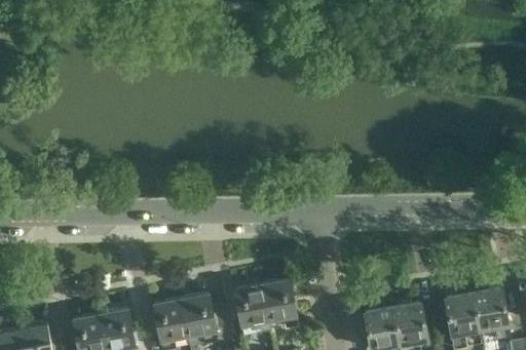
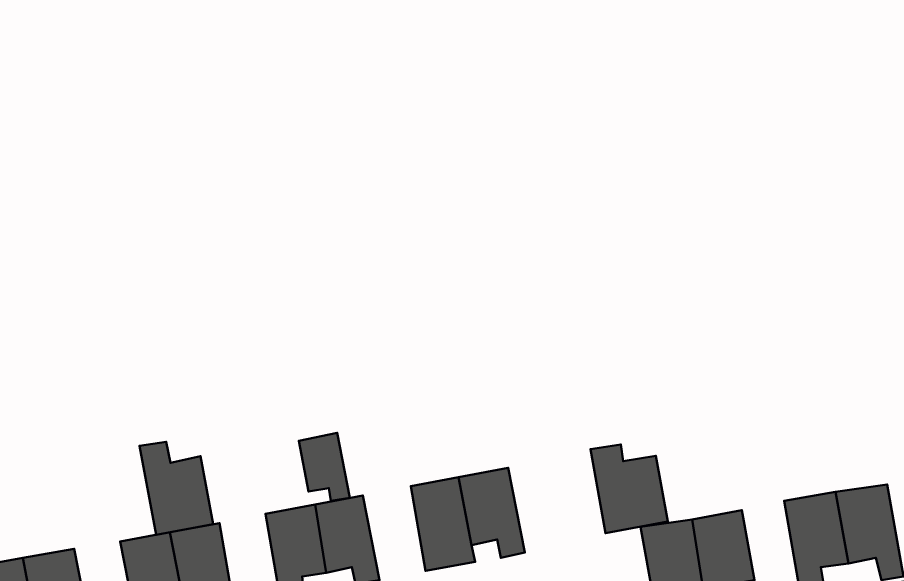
building: none -> [299,433,350,501]
building: none -> [139,442,213,535]
building: none -> [590,445,668,533]

